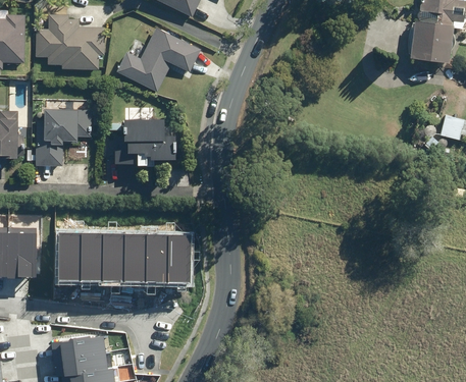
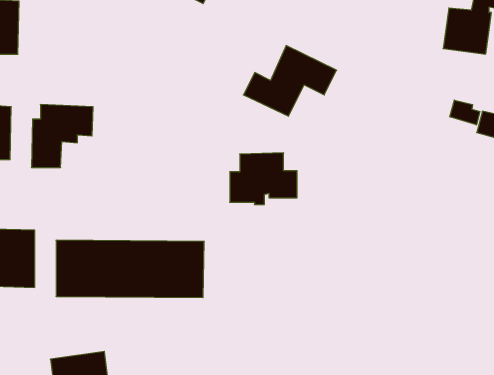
building: [42,21,104,63] -> none
building: [116,28,201,92] -> [243,46,337,116]
building: none -> [450,100,480,125]
building: [114,119,175,166] -> [230,153,297,204]

